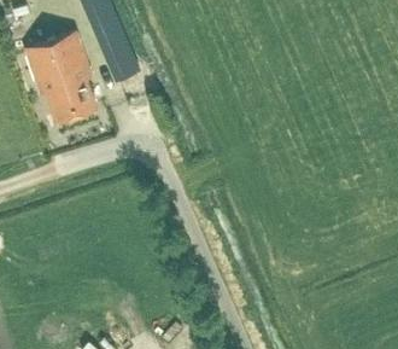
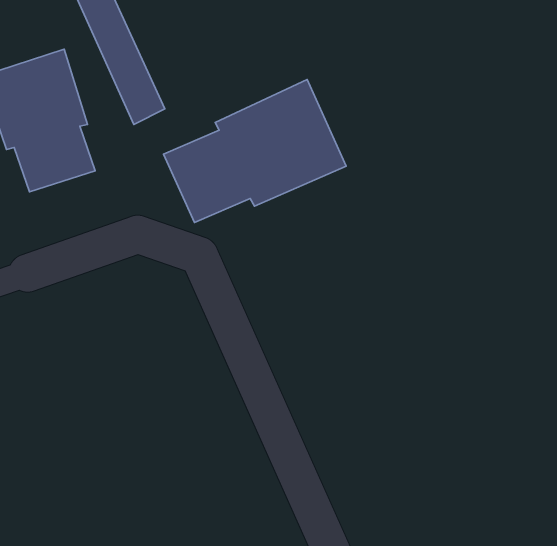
building: none -> [164,80,346,223]

